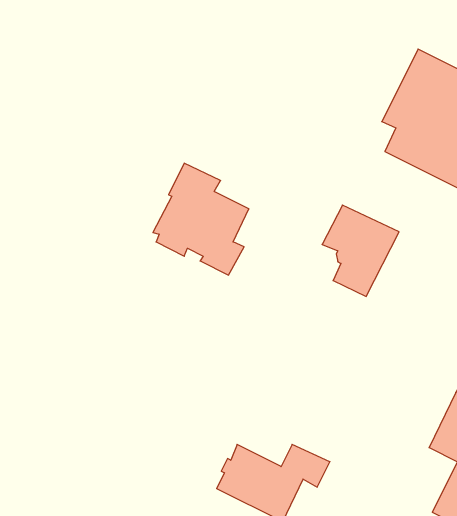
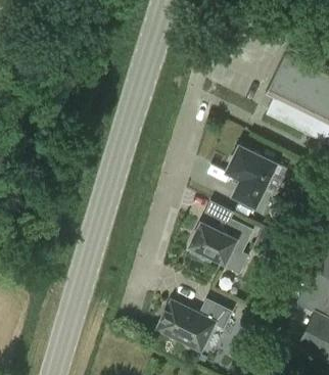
building: [153,163,249,275] -> [189,201,251,274]

